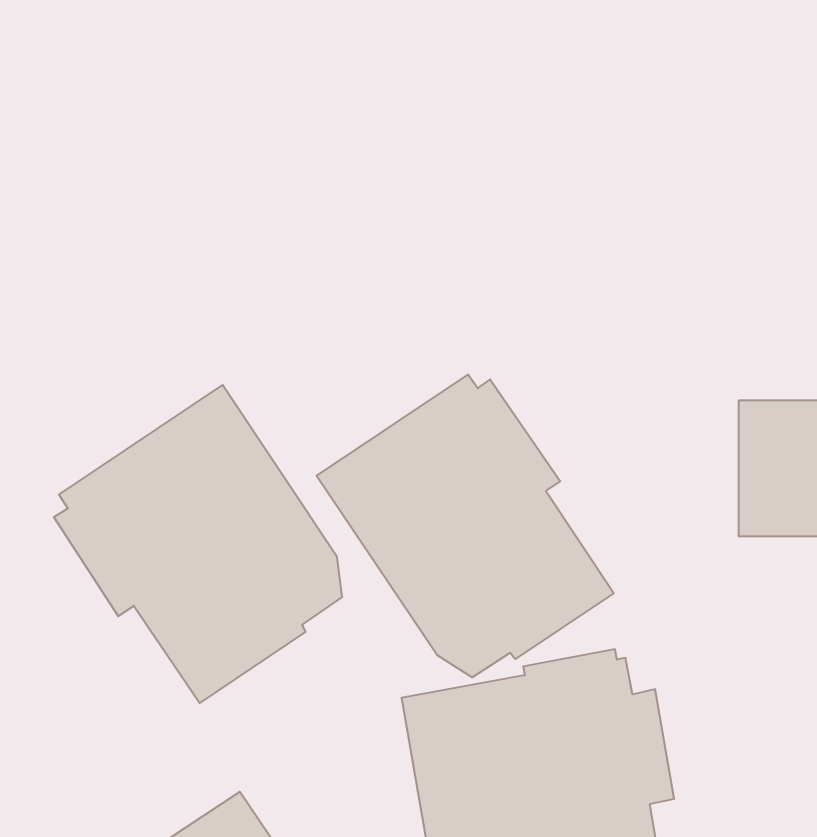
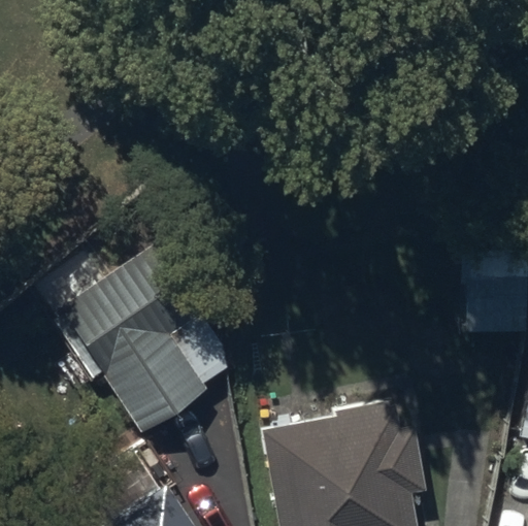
building: [317,374,614,677] -> none

